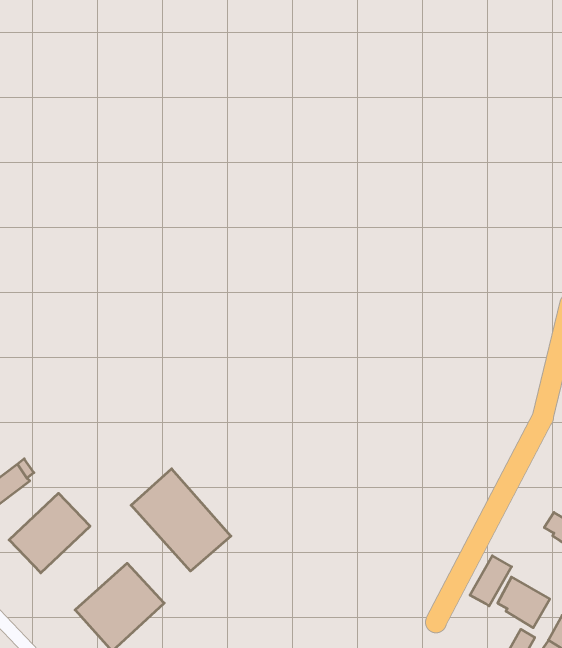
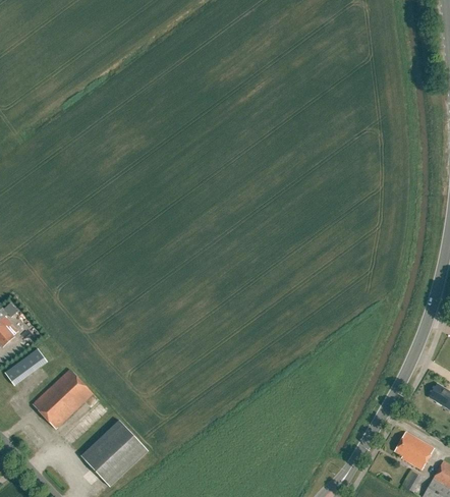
building: [131,469,231,571] -> none
building: [470,556,512,606] -> none

